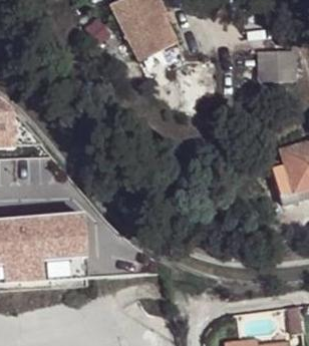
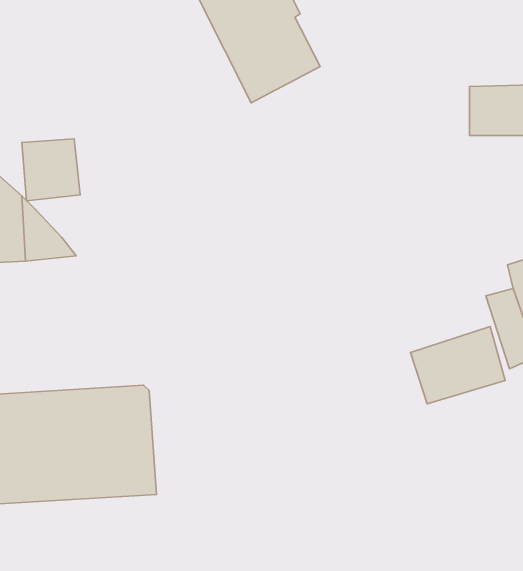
building: none -> [22,139,80,201]
building: none -> [410,327,505,404]

